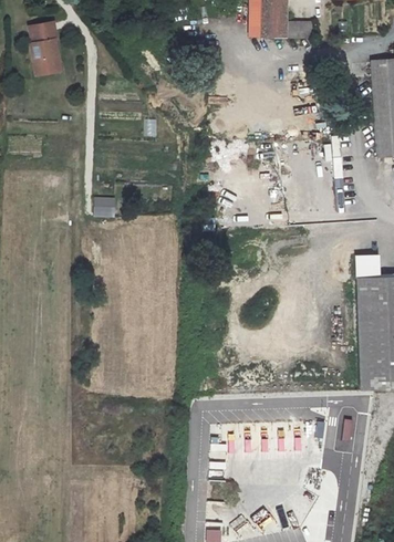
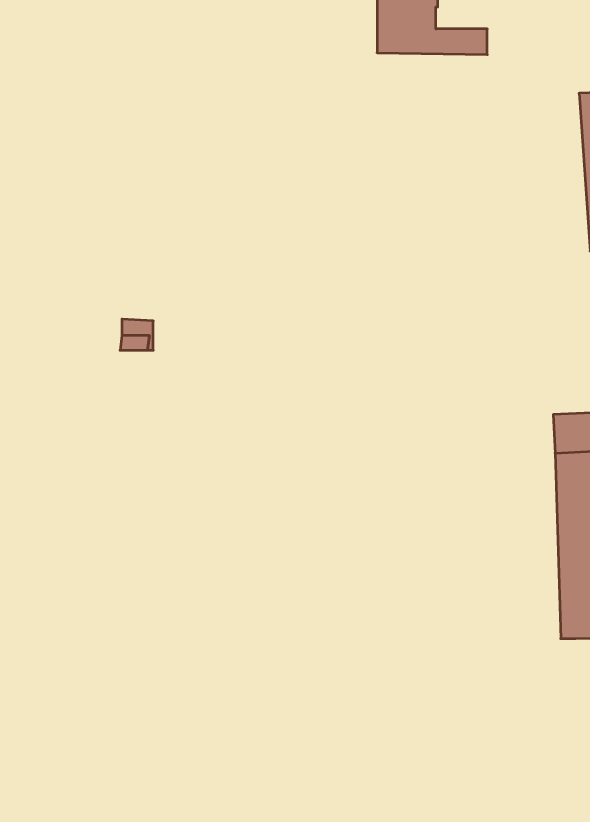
building: [29,20,60,73] -> none

